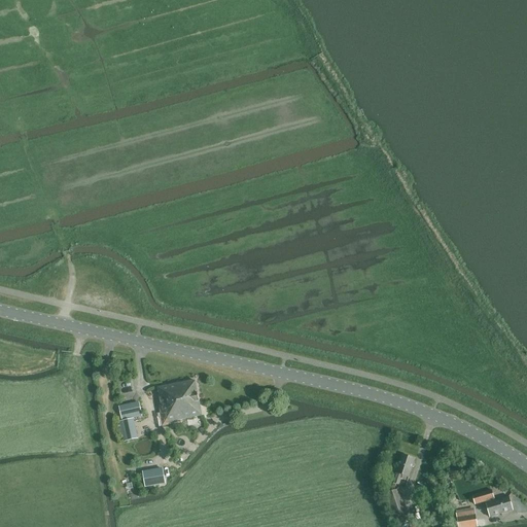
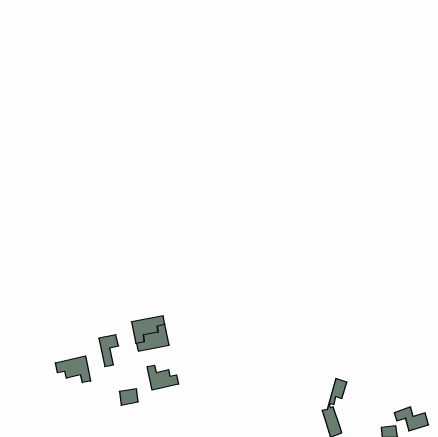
building: none -> [55,356,91,383]
building: none -> [147,365,178,390]

